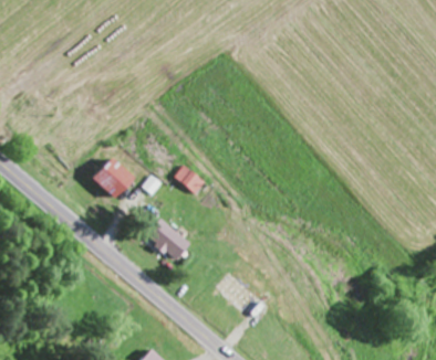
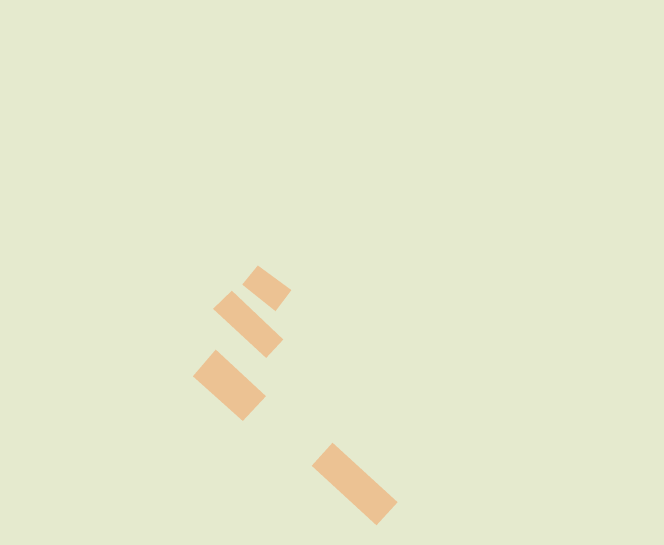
building: [95,158,137,200] -> none
building: none -> [212,290,284,359]

